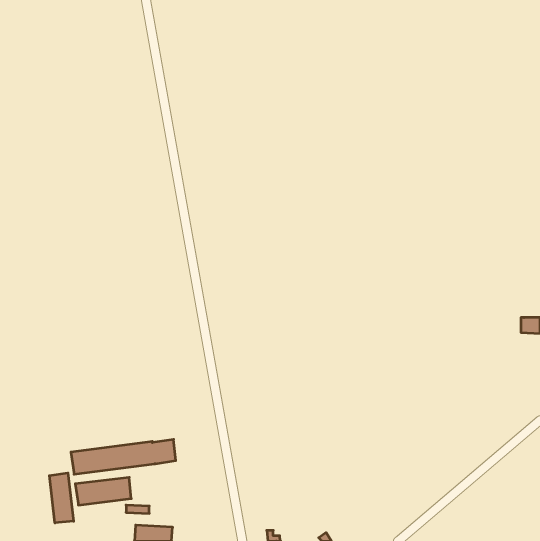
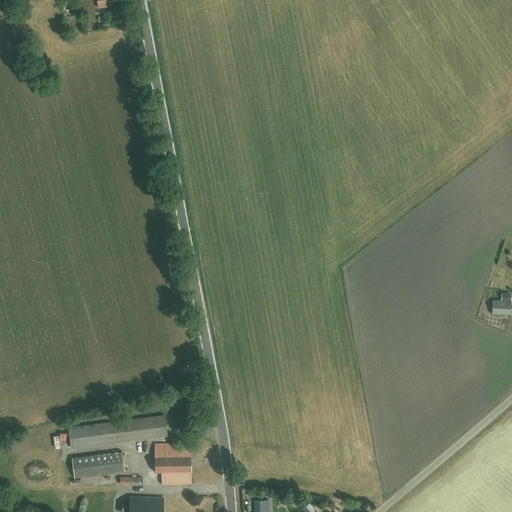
building: none -> [153,443,191,484]
building: [49,473,74,523] -> none

